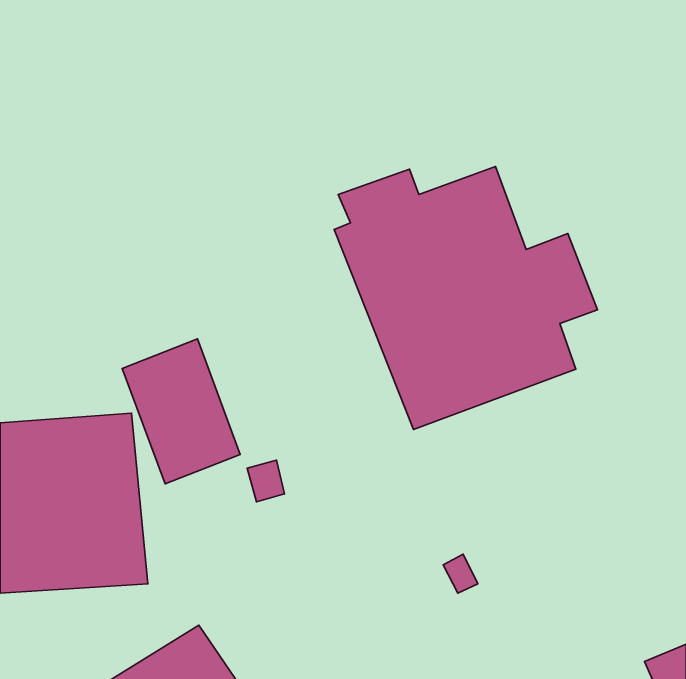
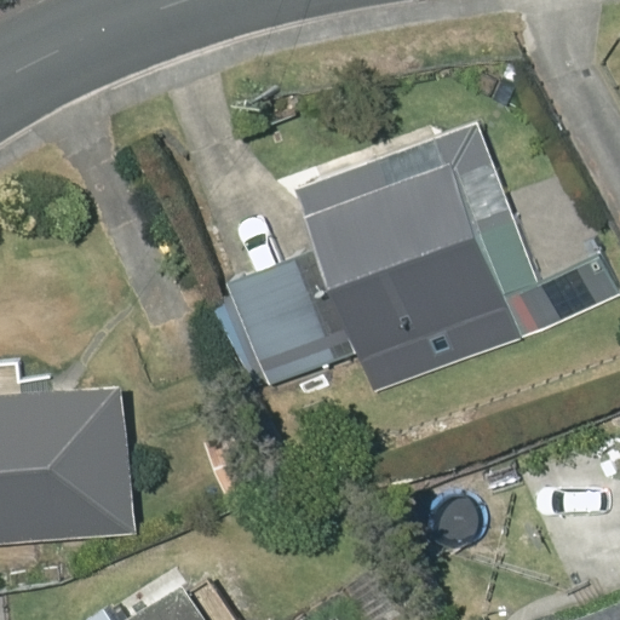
building: [122,339,240,484] -> [228,256,334,386]

